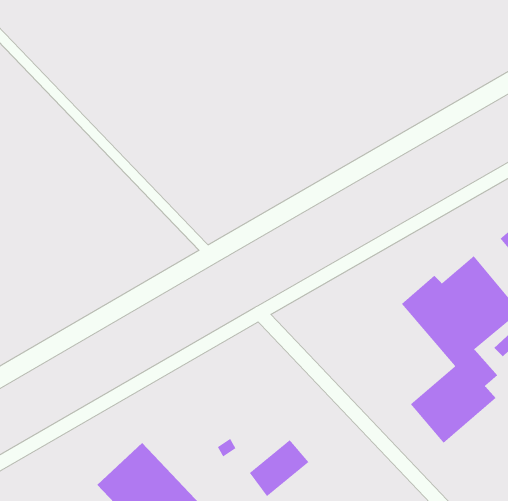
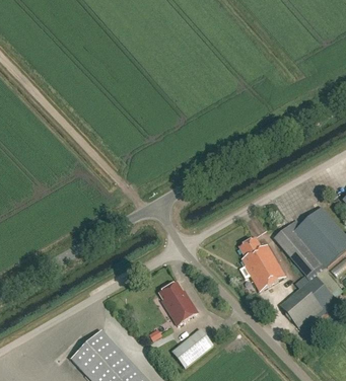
building: none -> [238,236,285,290]
building: none -> [158,281,198,324]

